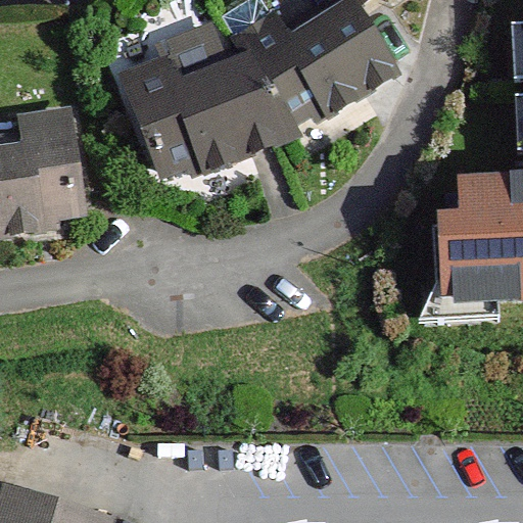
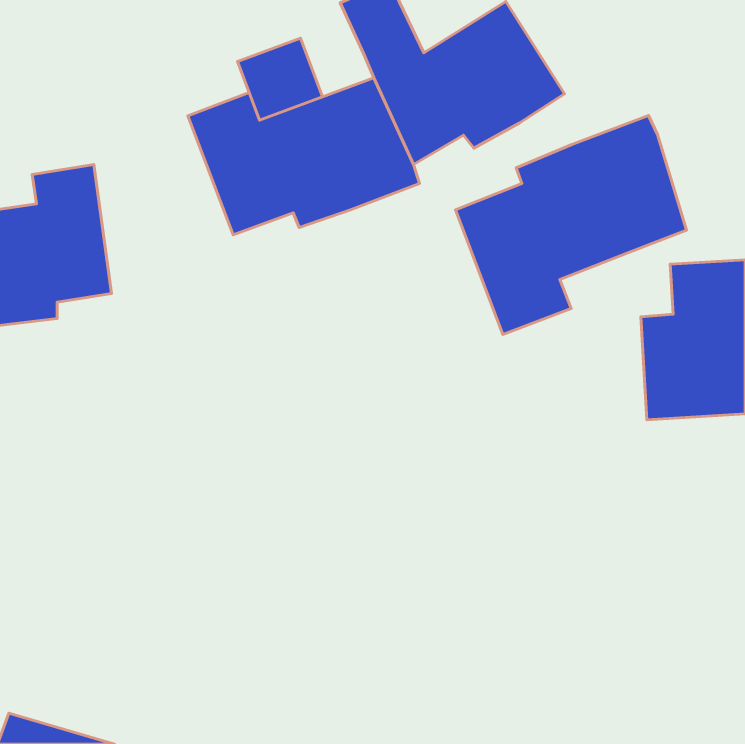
building: none -> [455,115,686,335]

